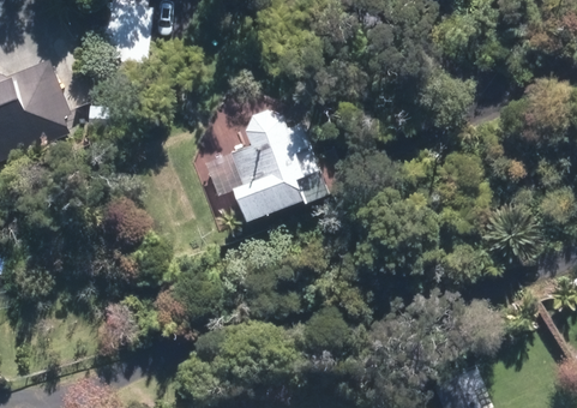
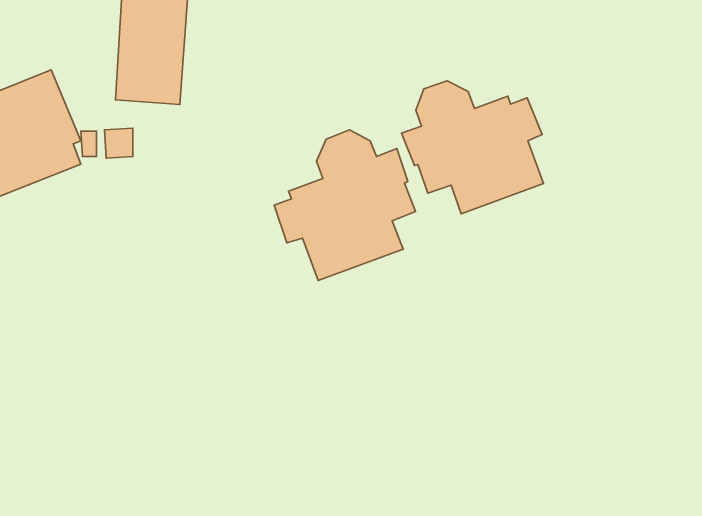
building: none -> [401,81,543,214]

